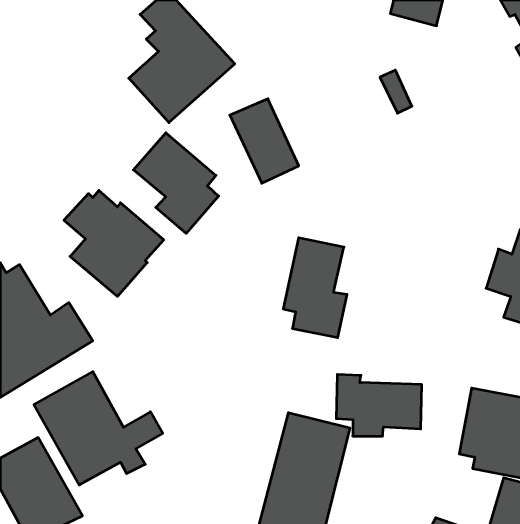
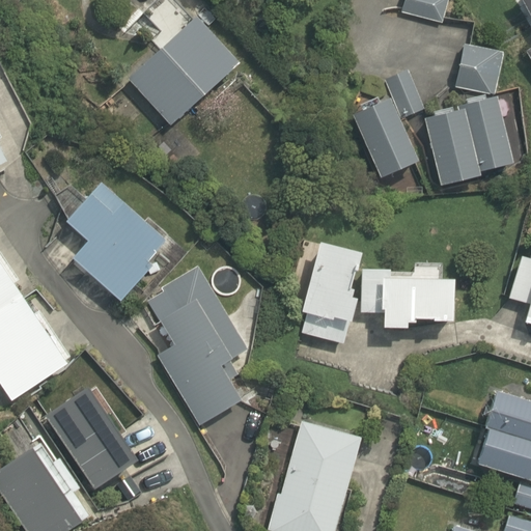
building: none -> [425,50,514,183]
building: [230,99,299,183] -> [346,94,416,179]
building: [133,133,219,233] -> none
building: none -> [161,272,251,425]
building: [336,374,422,436] -> [358,268,444,330]

